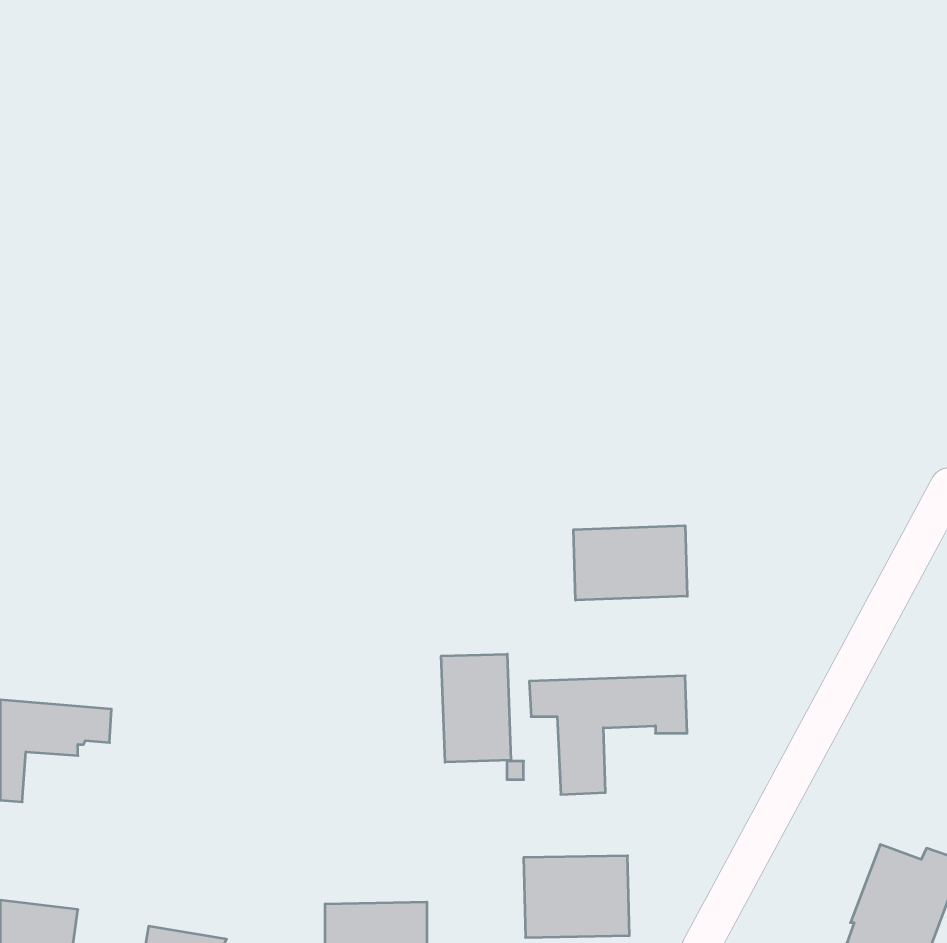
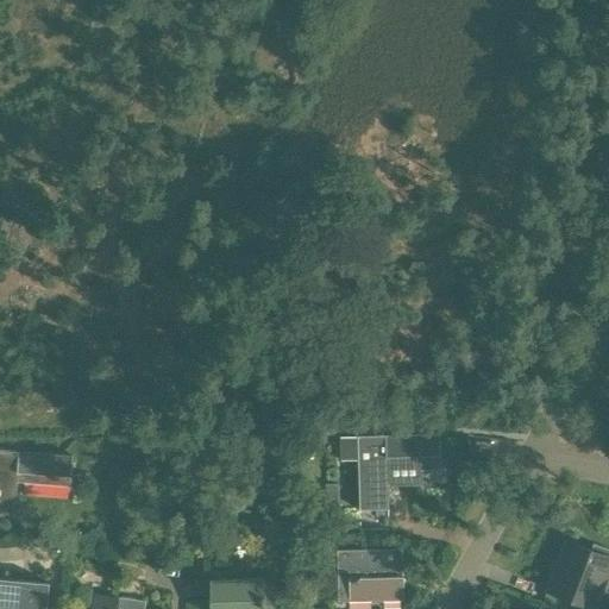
building: [574,526,687,600] -> none
building: [441,654,511,762] -> none

